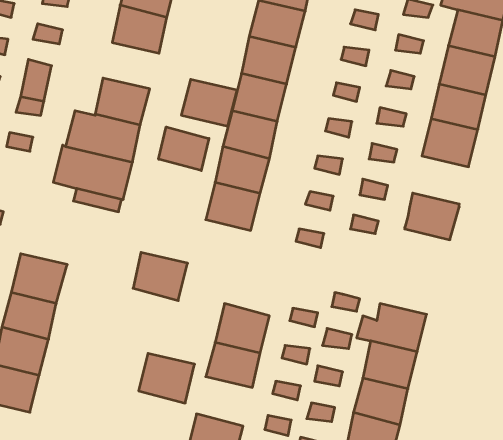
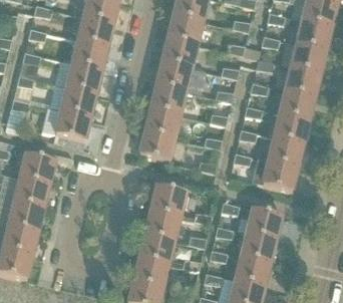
building: [181,79,237,126] -> [72,41,108,71]
building: [159,127,209,171] -> none
building: none -> [272,114,308,145]
building: none -> [19,155,54,185]
building: none -> [250,159,296,193]
building: [133,252,188,301] -> [150,187,186,218]
building: [139,353,195,403] -> [132,257,168,289]

